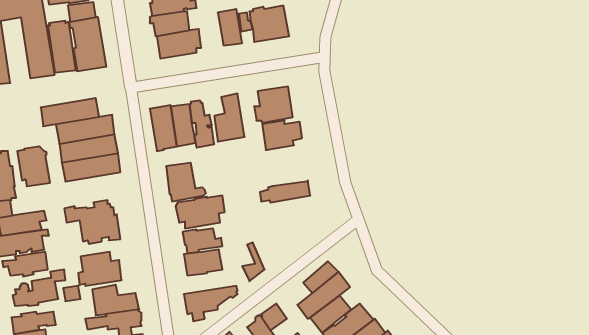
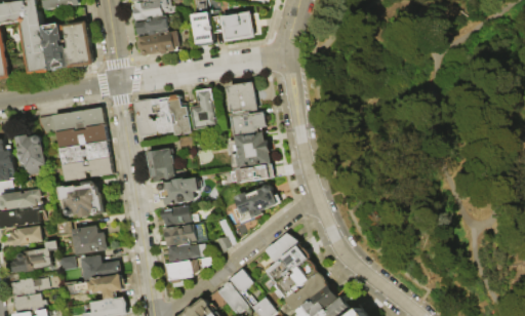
building: [41,98,99,126] -> [58,156,110,181]
building: none -> [235,131,270,168]
building: none -> [232,185,279,225]
building: none -> [166,243,205,262]

